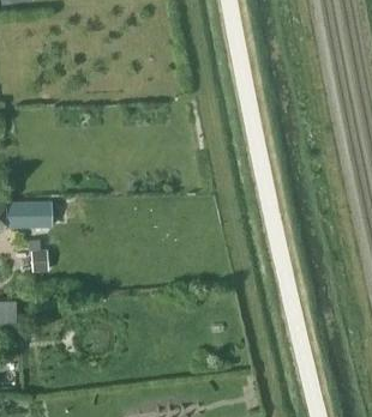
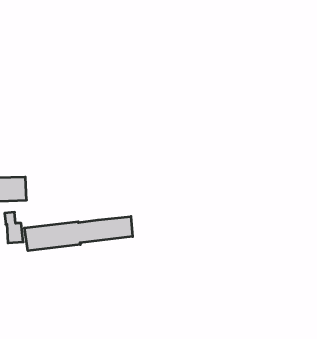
building: none -> [24,216,133,251]

